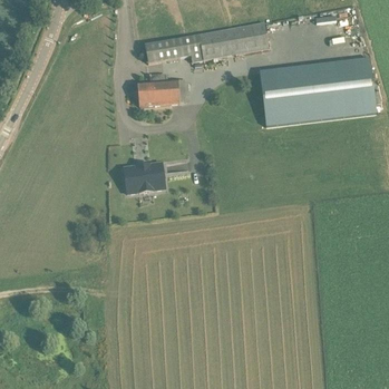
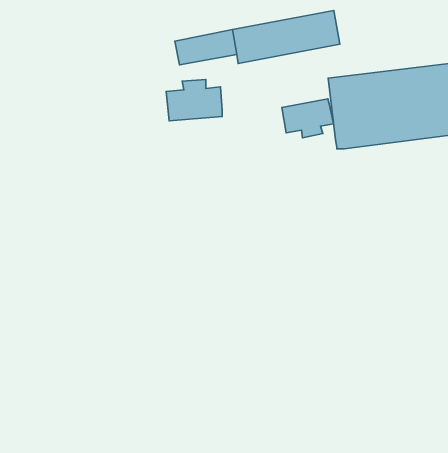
building: none -> [282,99,333,138]
building: [123,162,165,193] -> none

